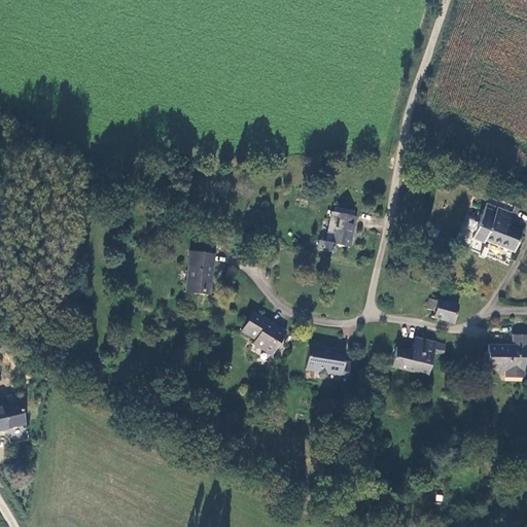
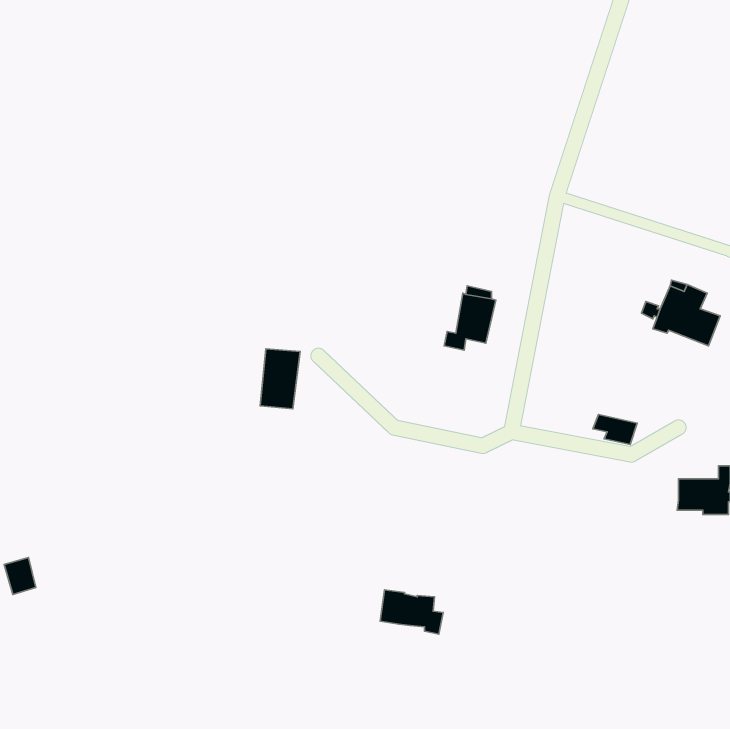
building: [242,312,287,355] -> none
building: [393,338,447,375] -> none
building: [307,346,352,378] -> [380,590,443,634]

